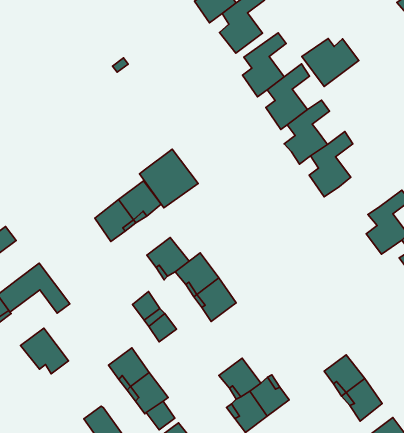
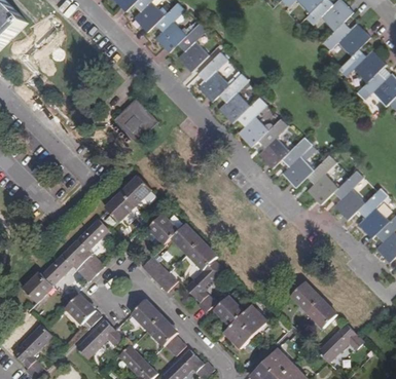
building: [302,39,359,86] -> none
building: [139,149,198,208] -> [113,99,157,143]
building: none -> [282,137,313,186]
building: none -> [69,218,108,273]
building: none -> [185,259,225,312]
building: none -> [76,319,122,358]

